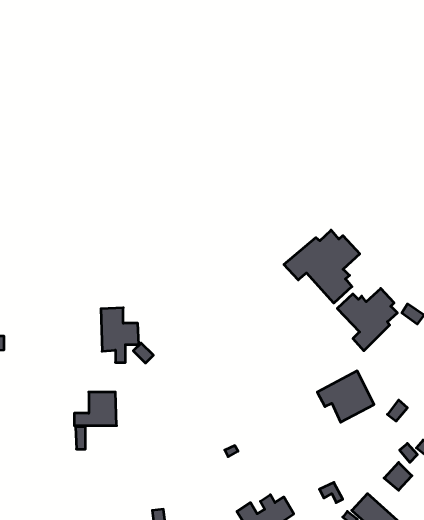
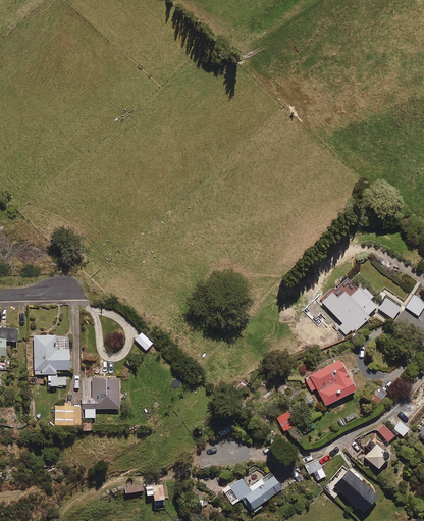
building: [284,230,360,303] -> none
building: [101,308,139,362] -> [34,335,68,385]
building: none -> [54,406,80,425]

